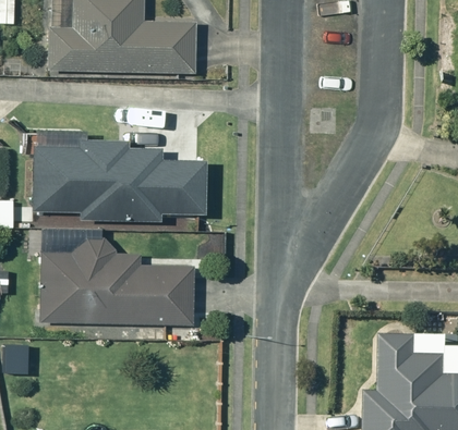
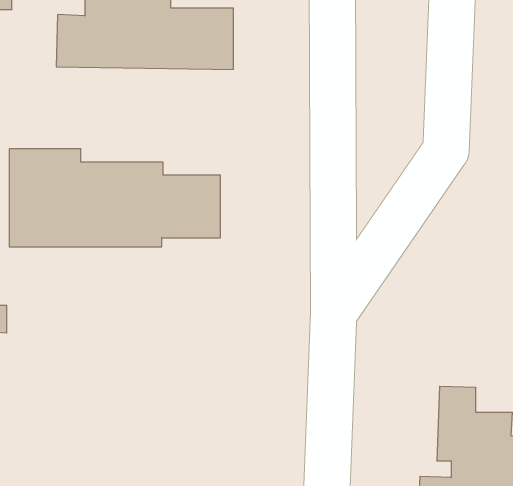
building: [44,236,200,323] -> none

